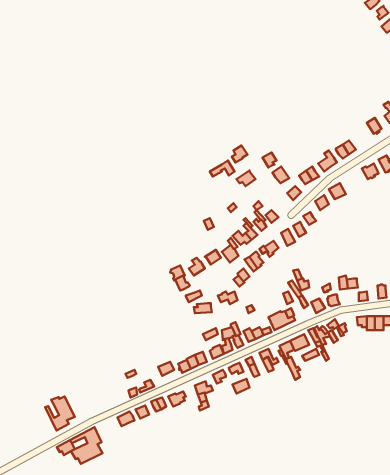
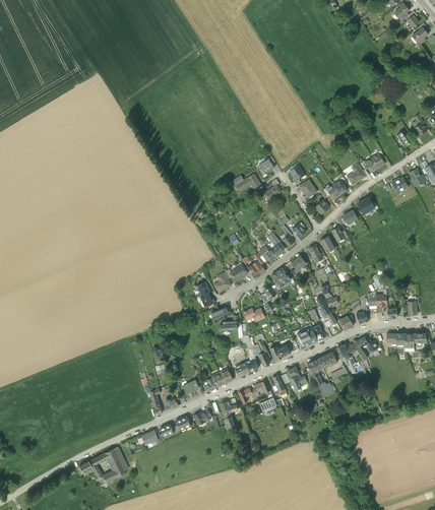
building: [45,396,75,430] -> none

